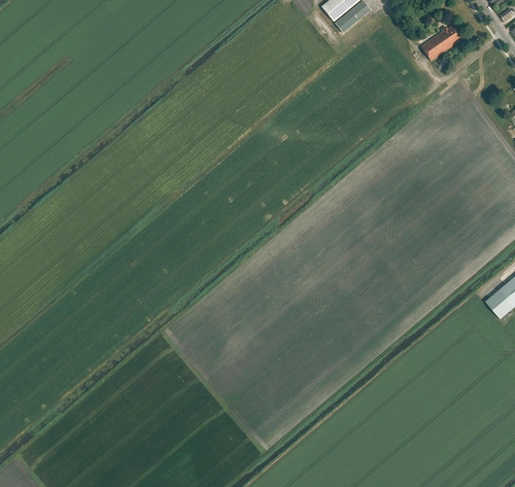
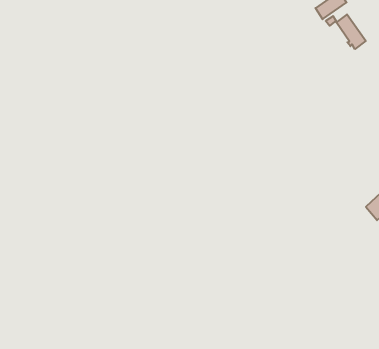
building: none -> [336,14,366,49]

